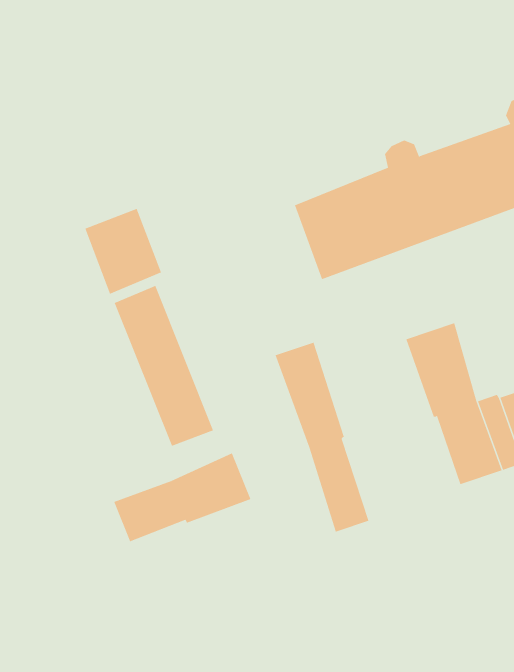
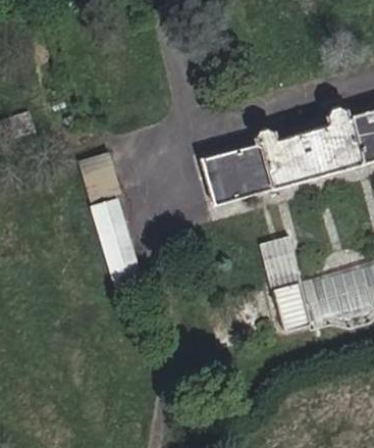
building: [275,342,369,533] -> none
building: [114,453,251,542] -> none

